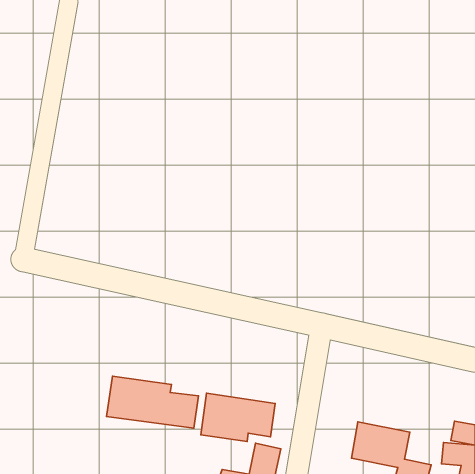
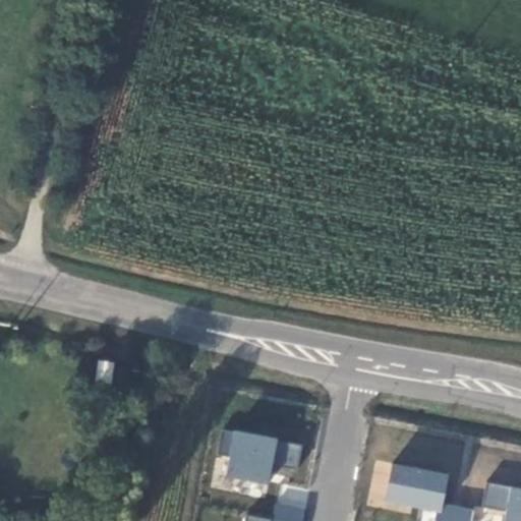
building: [107,376,198,428] -> none

